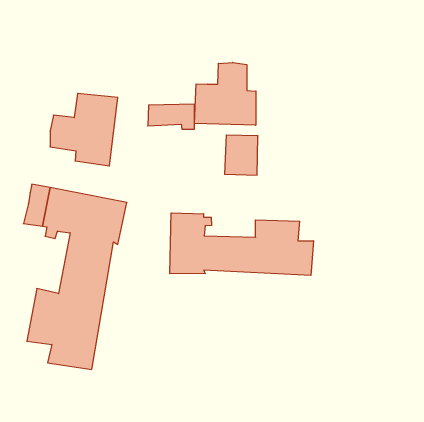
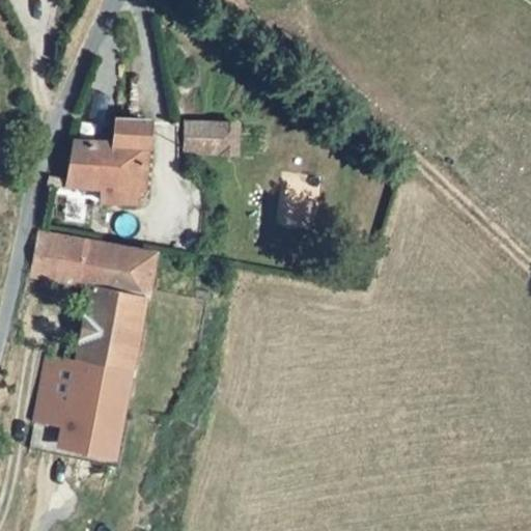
building: [194,62,256,125] -> none
building: [170,213,313,275] -> none

